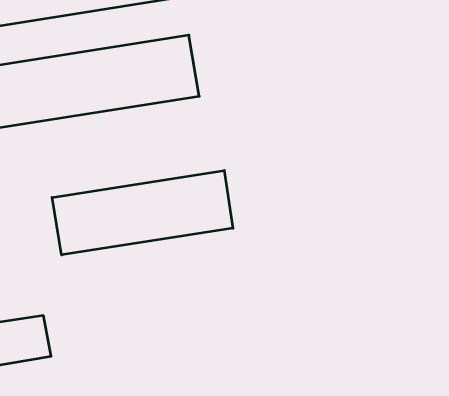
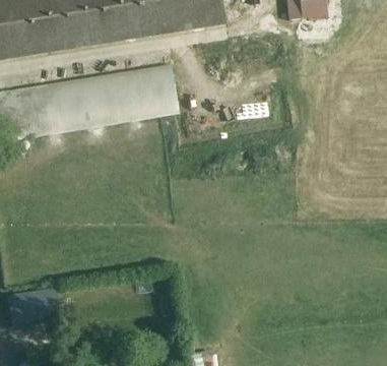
building: [52,170,233,255] -> none

